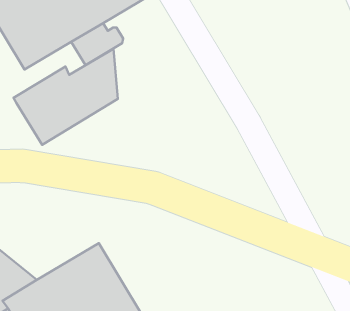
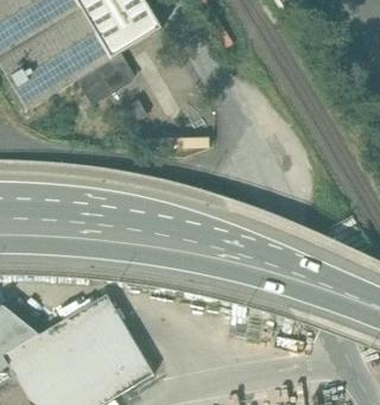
building: [13,49,118,145] -> none

